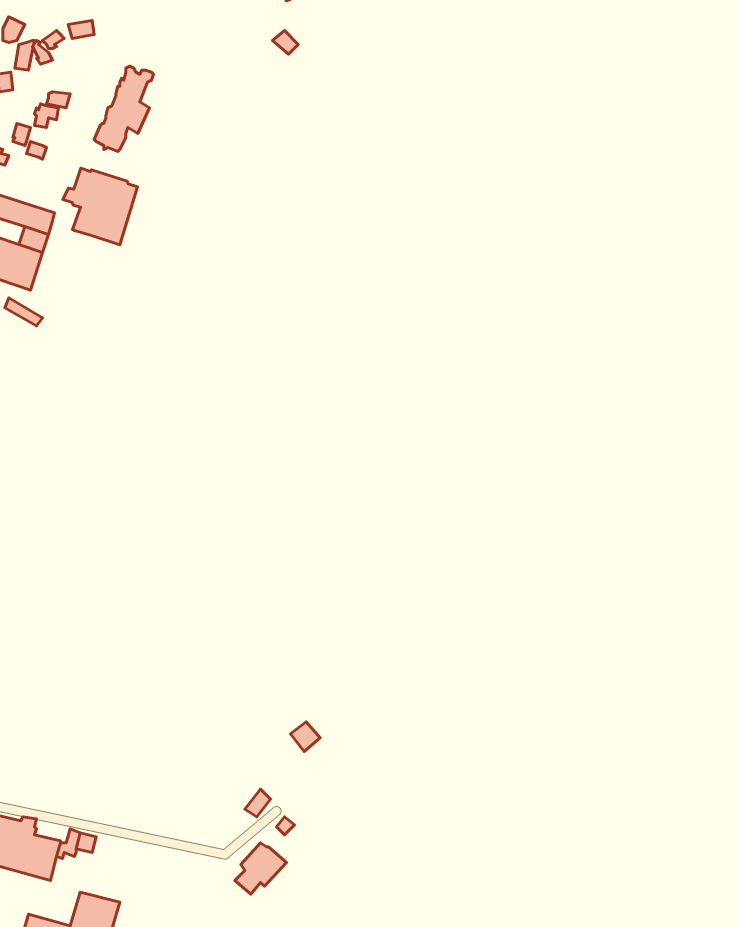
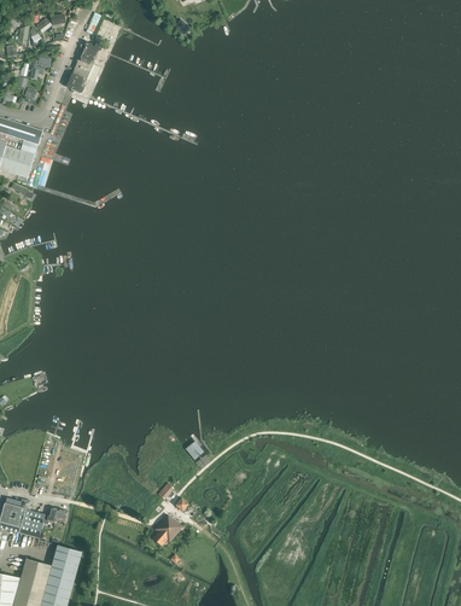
building: [63,168,138,245] -> none

